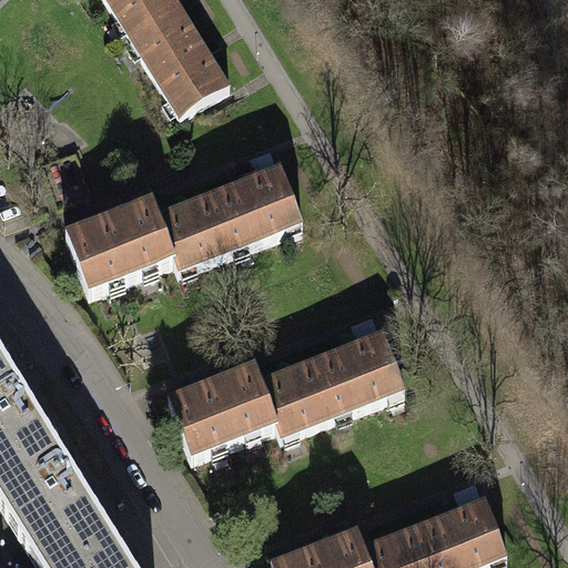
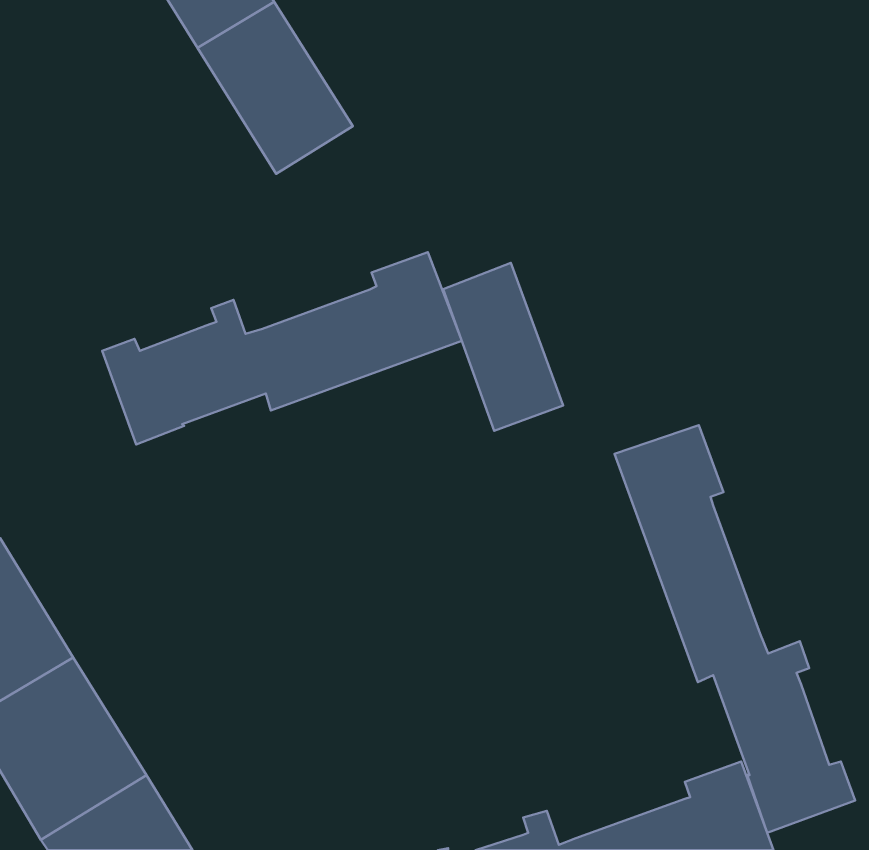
building: none -> [443,263,563,431]
building: none -> [615,425,855,833]
building: [169,331,403,456] -> none

